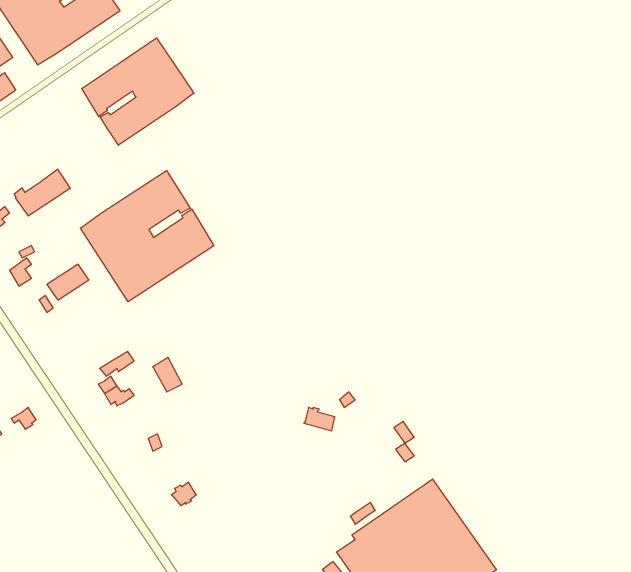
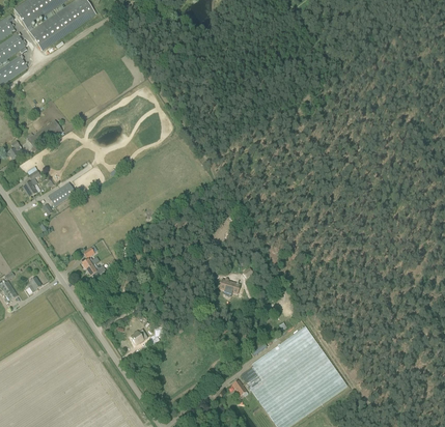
building: [82,38,194,145] -> none
building: [80,171,214,302] -> none

